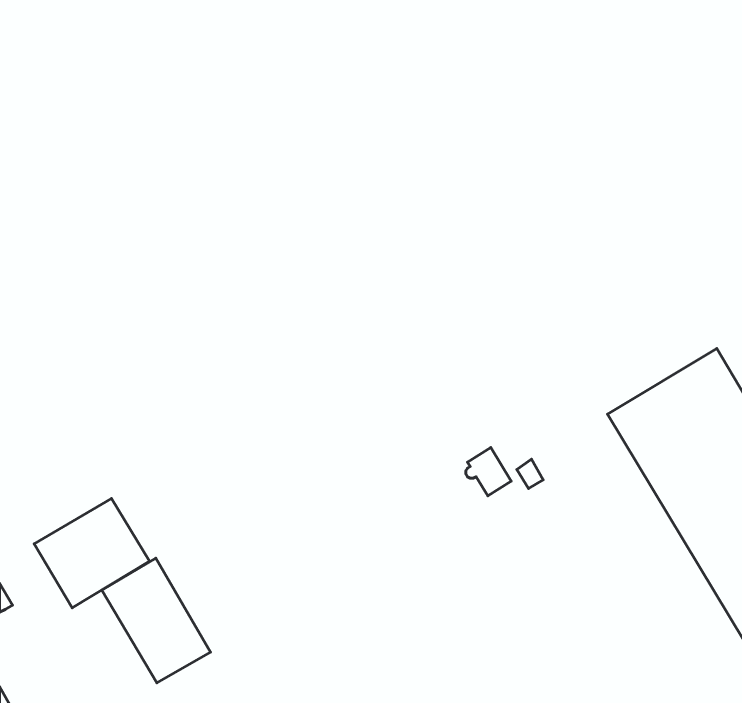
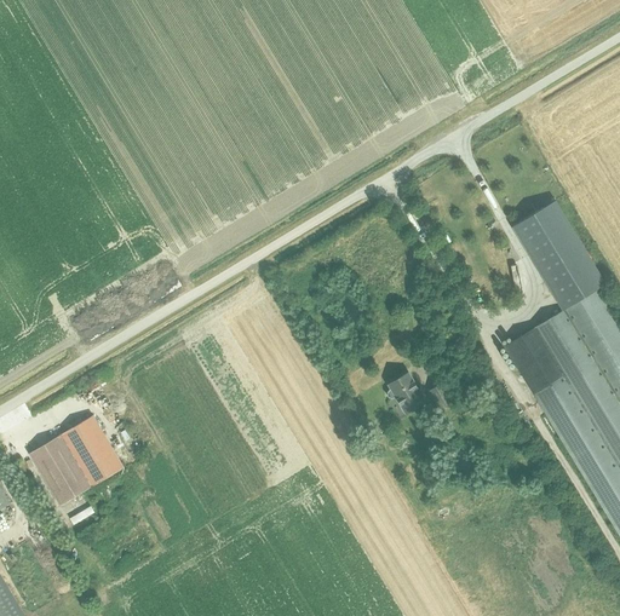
building: none -> [512,202,605,311]
building: [102,558,211,683] -> none

